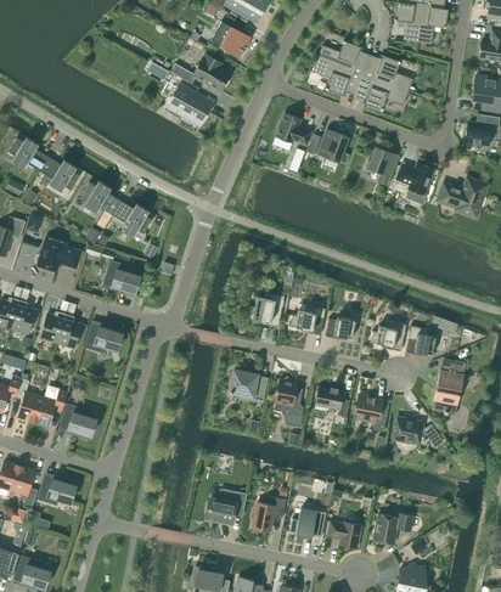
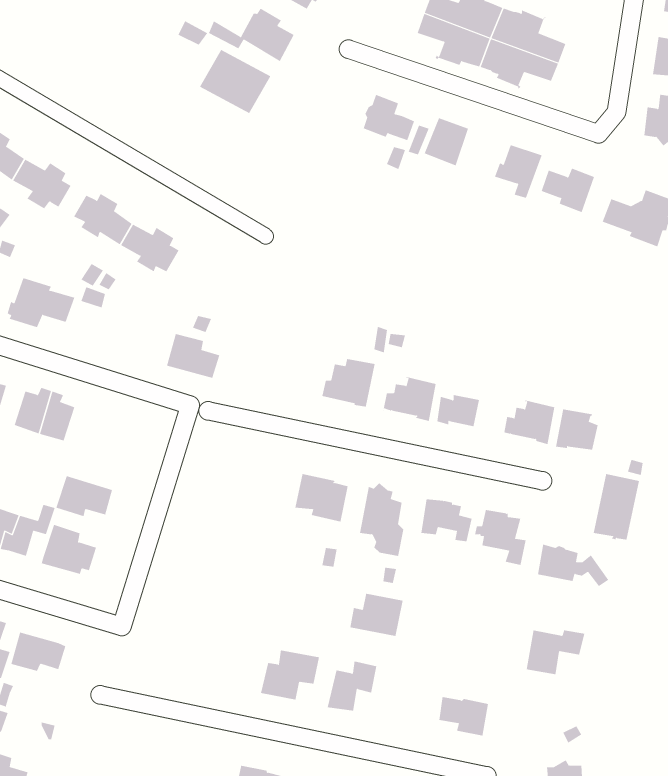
building: [103,261,140,292] -> [166,334,220,378]
building: [84,323,123,351] -> [55,475,113,517]
building: [289,508,326,537] -> [349,593,403,636]
building: [373,513,413,543] -> [526,630,585,675]

